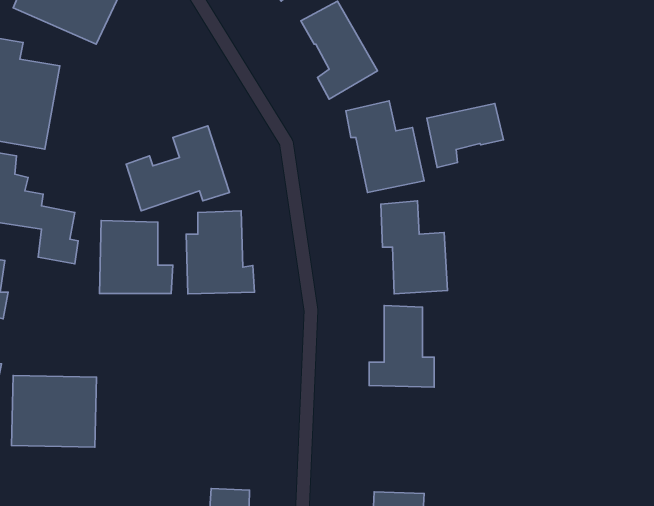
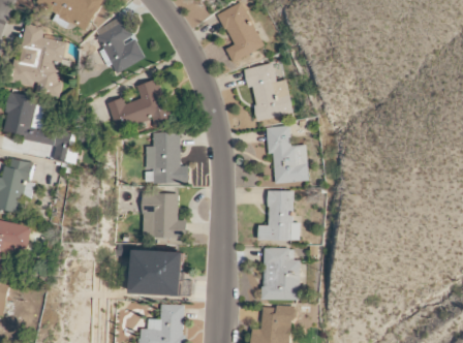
building: none -> [94,15,146,73]
building: [427,103,503,167] -> none
building: [100,220,173,294] -> [141,192,186,238]
building: [12,376,96,447] -> [130,250,183,294]
building: none -> [263,248,300,300]

